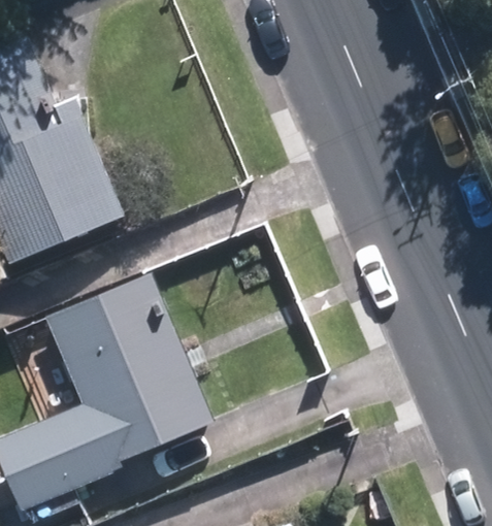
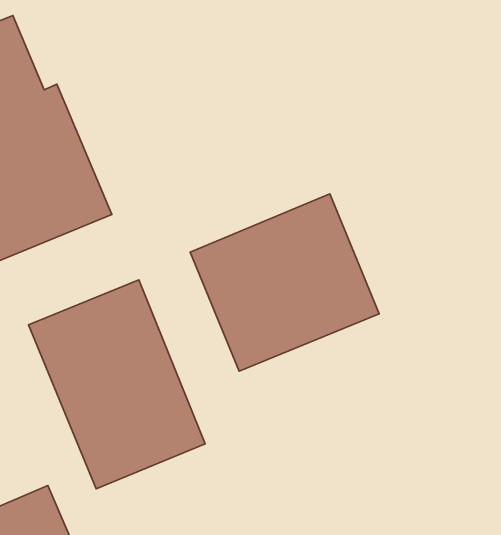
building: none -> [190,194,379,371]

